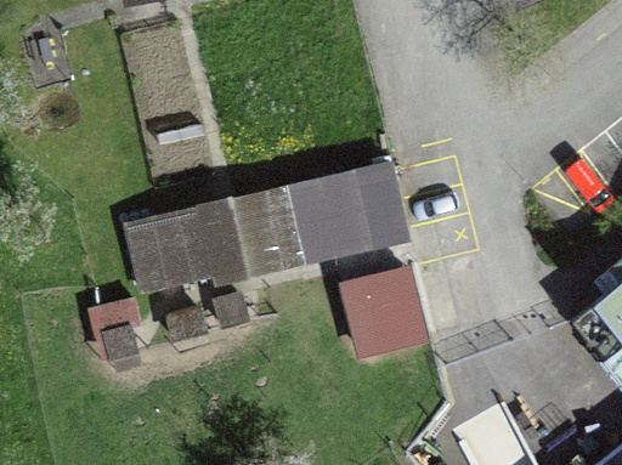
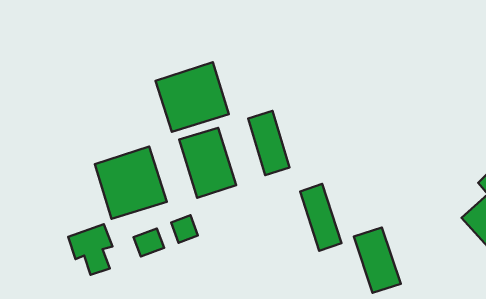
building: none -> [155,62,229,132]

